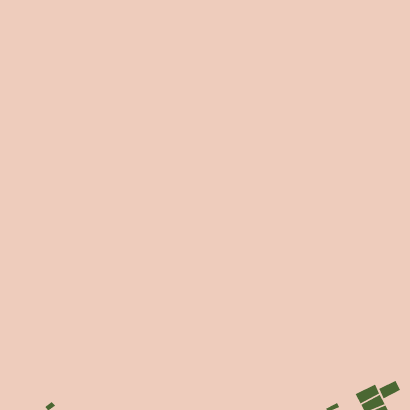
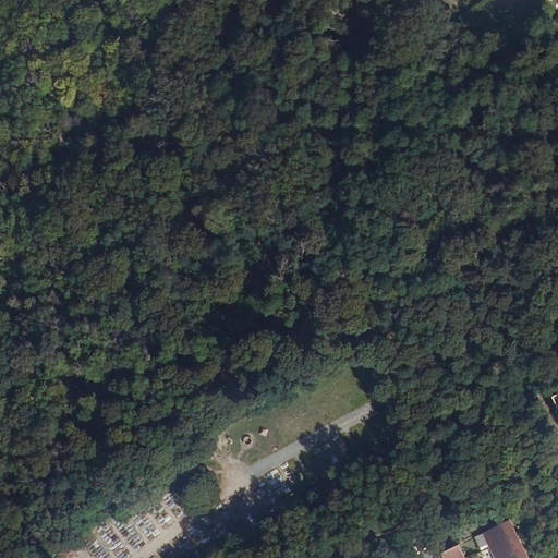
building: [378,380,401,399] -> none

